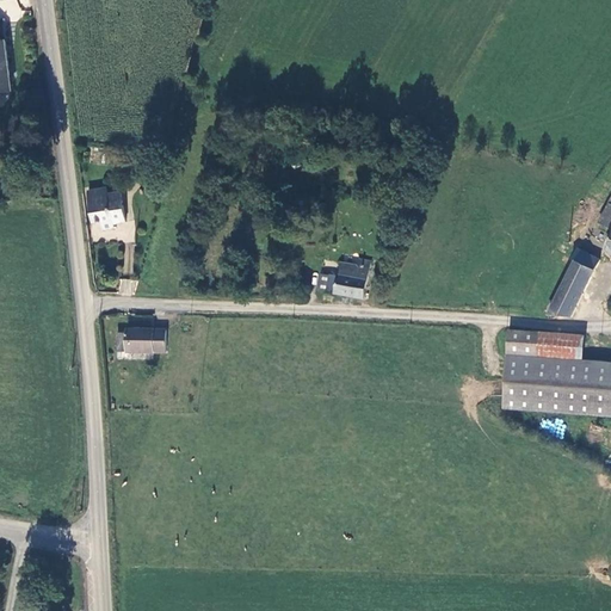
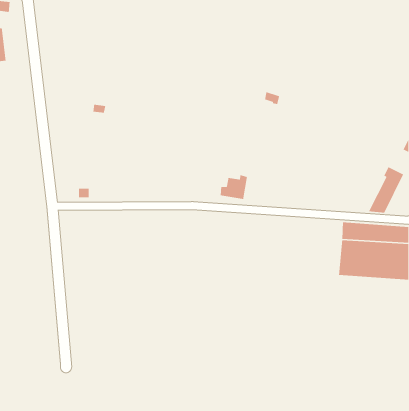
building: [86,187,122,229] -> none
building: [115,327,162,353] -> none

